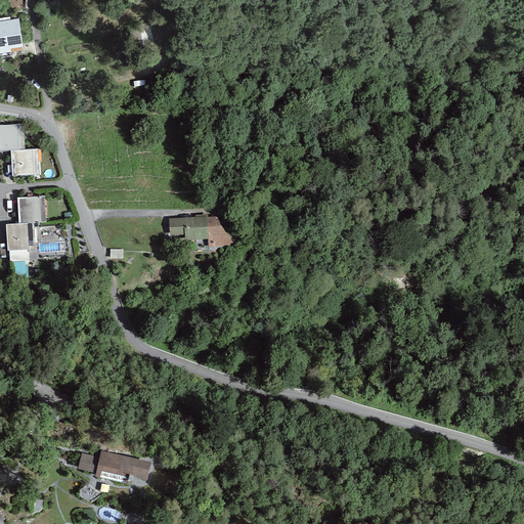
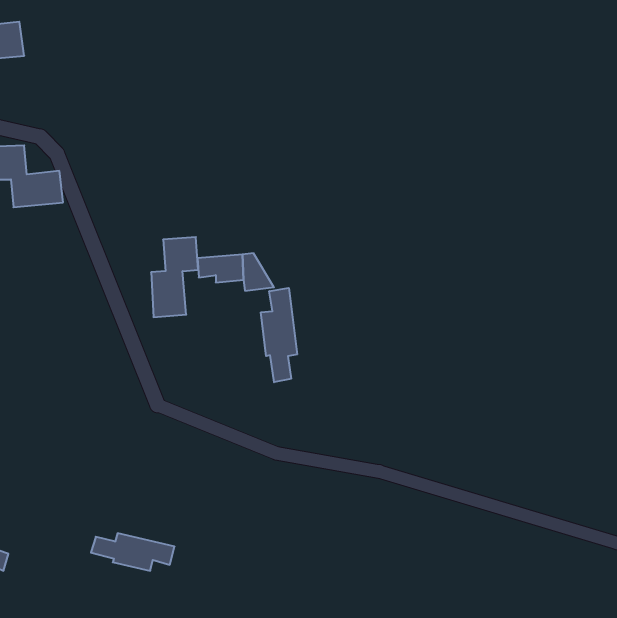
building: [5,194,45,262] -> [151,237,198,317]
building: none -> [261,288,297,382]

